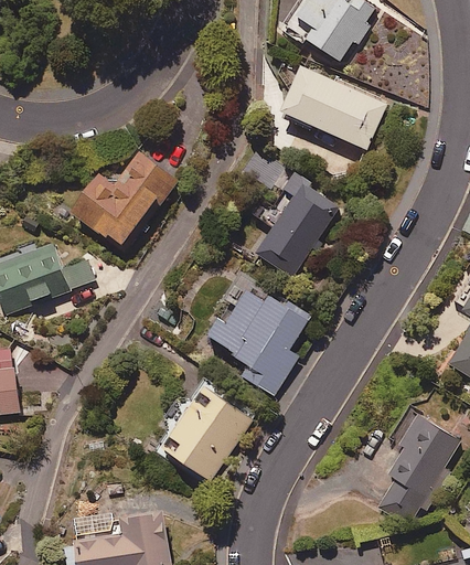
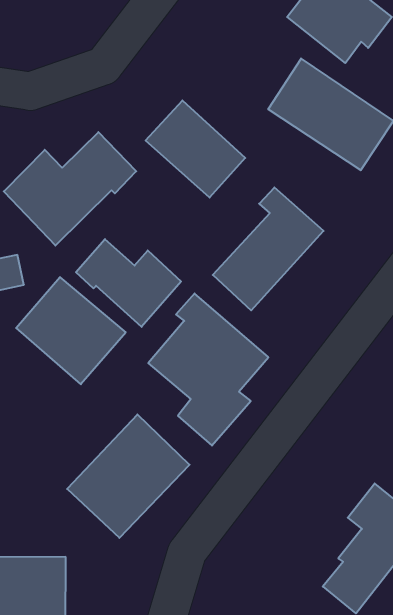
building: none -> [146,100,245,198]
building: none -> [76,239,181,327]
building: none -> [16,277,126,384]

